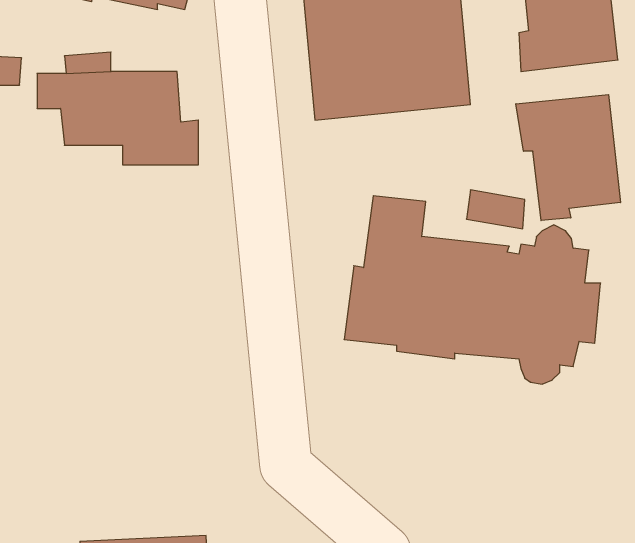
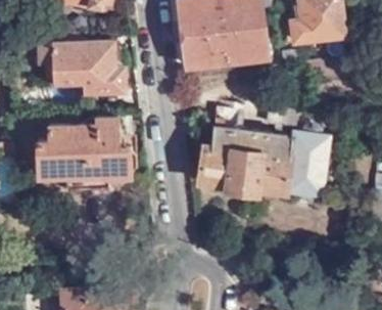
building: [516,95,620,221] -> none
building: none -> [36,118,131,191]

